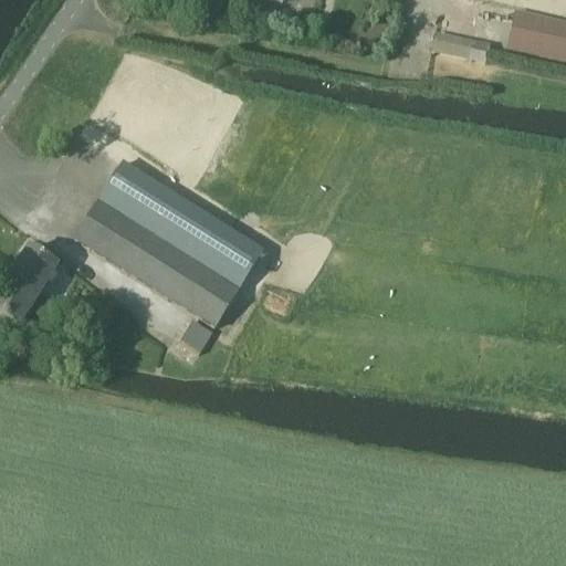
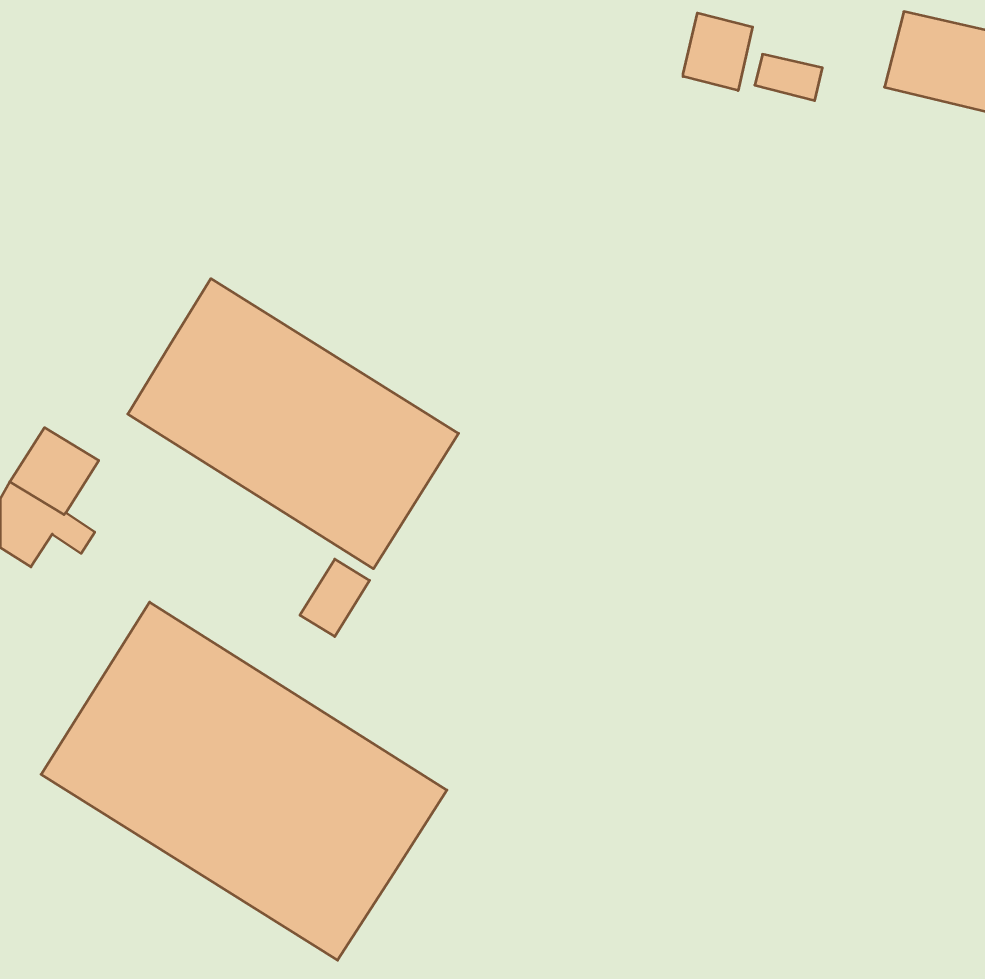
building: none -> [683,13,753,91]
building: none -> [41,602,447,960]

